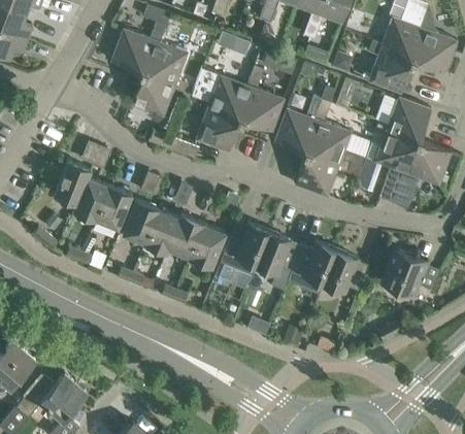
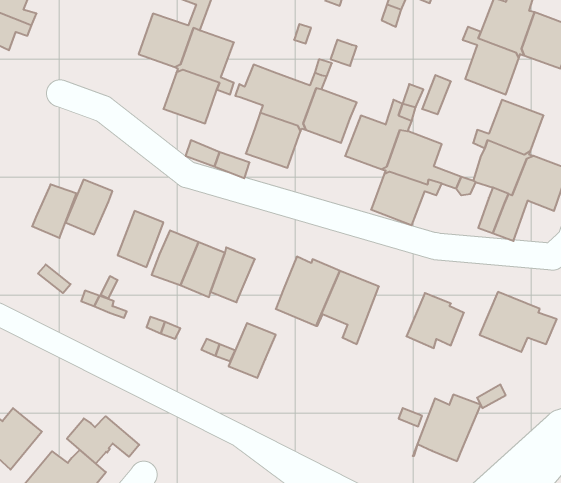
building: [73,178,108,221] -> [32,184,76,238]
building: [189,224,226,267] -> [229,323,276,378]
building: [284,242,337,295] -> [413,395,481,461]
building: none -> [67,416,139,464]

